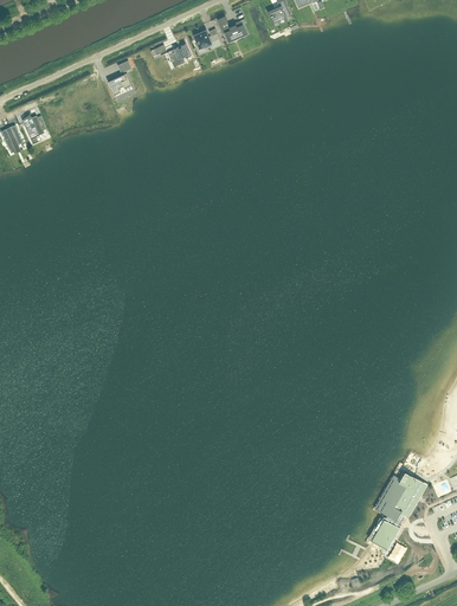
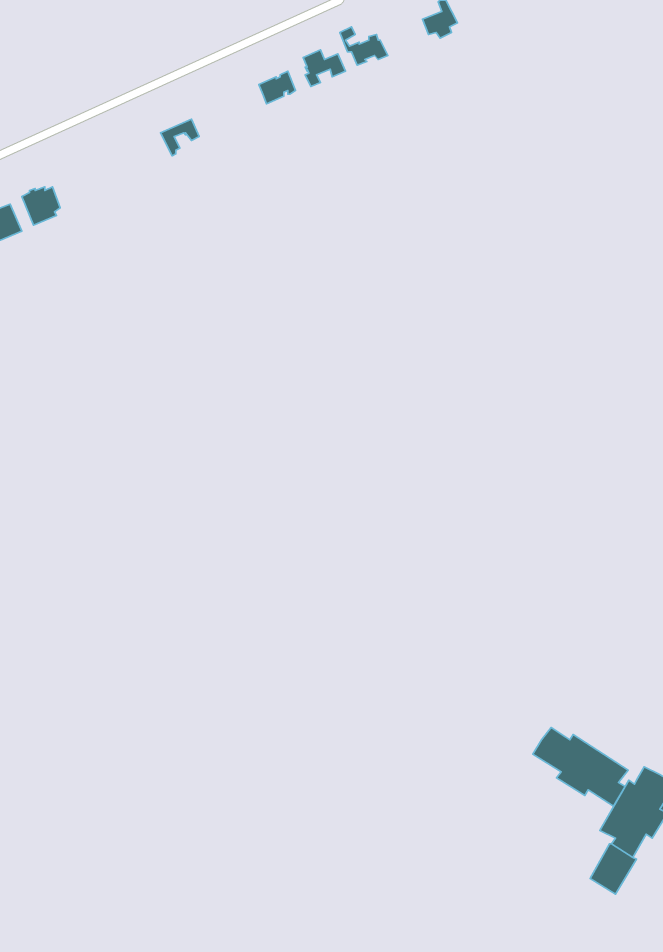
building: none -> [533,727,628,806]

